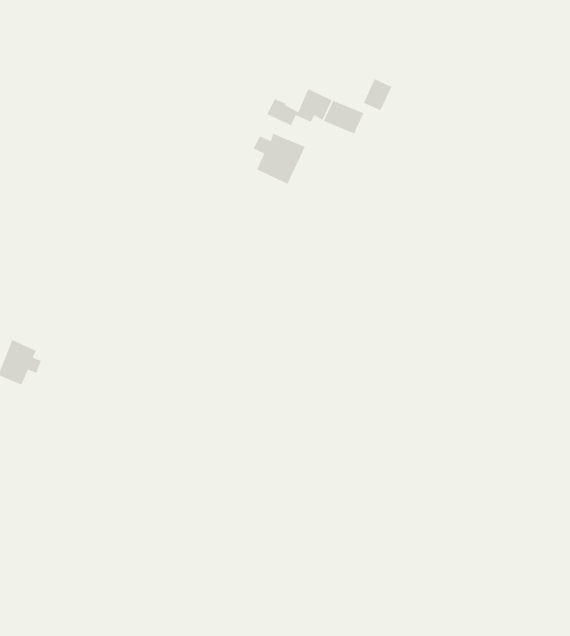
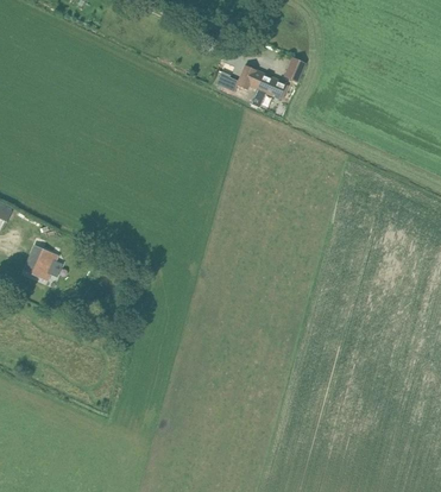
building: [253,133,306,185] -> none

